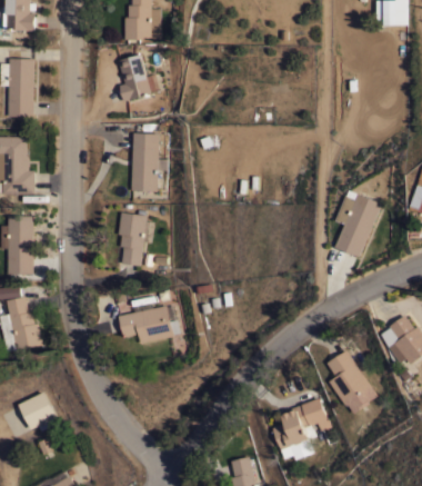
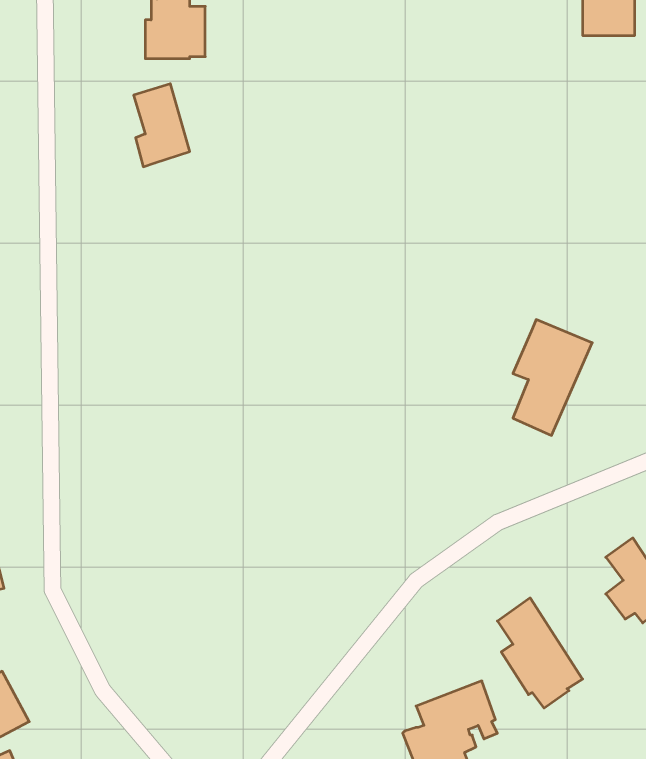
building: [131,132,167,194] -> none
building: [119,212,153,266] -> none
building: [119,306,180,344] -> none

